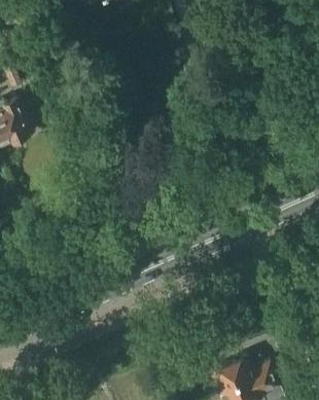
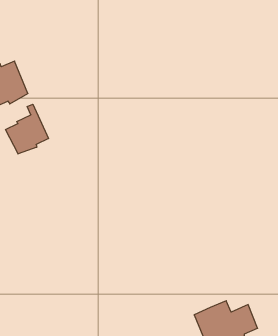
building: none -> [6,104,48,154]

